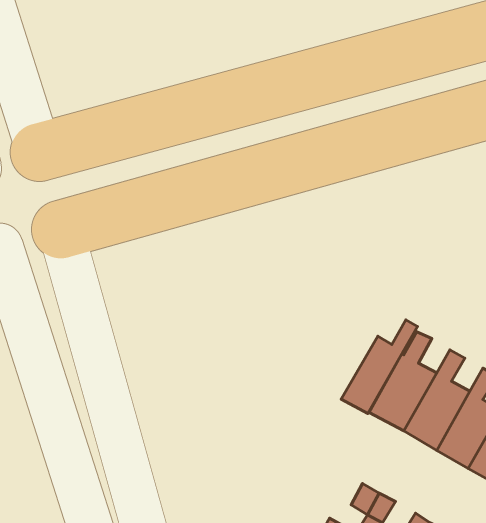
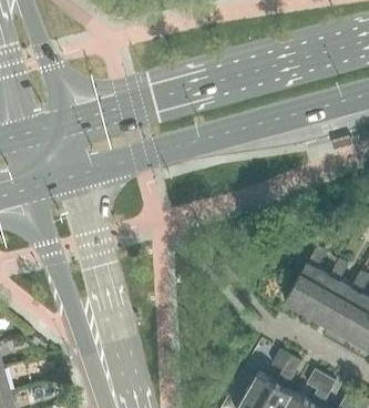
building: [341,320,417,413] -> none

